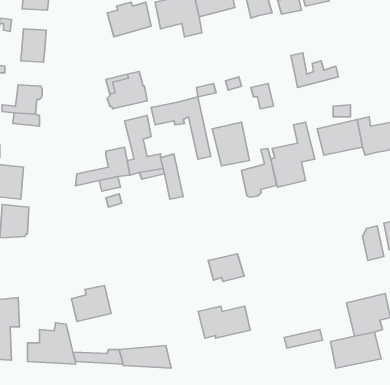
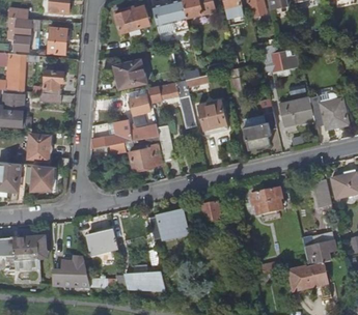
building: [242,148,276,197] -> none
building: none -> [129,143,162,171]
building: none -> [250,188,281,216]
building: [198,306,250,338] -> [148,214,189,239]

